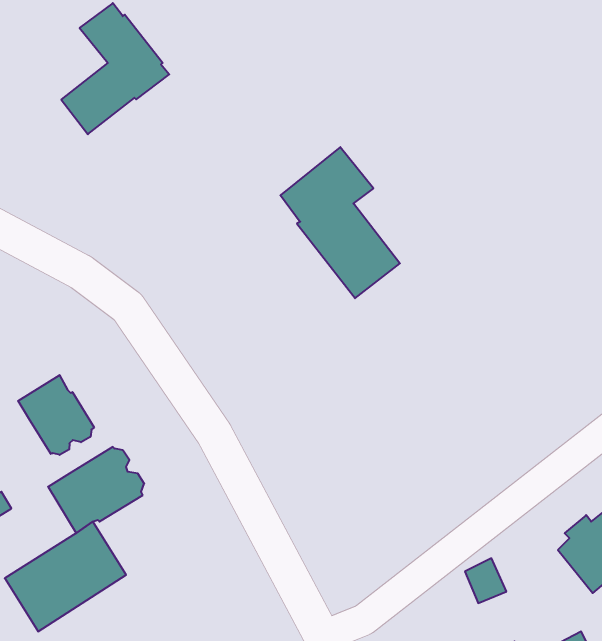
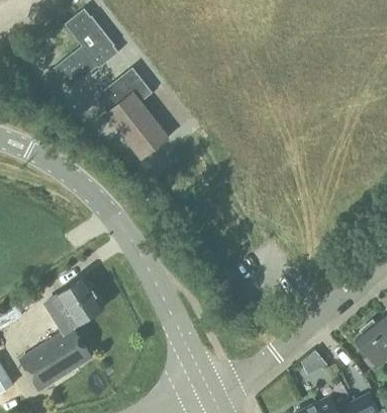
building: [280,147,400,298] -> [95,68,168,160]
building: [18,375,94,455] -> none

